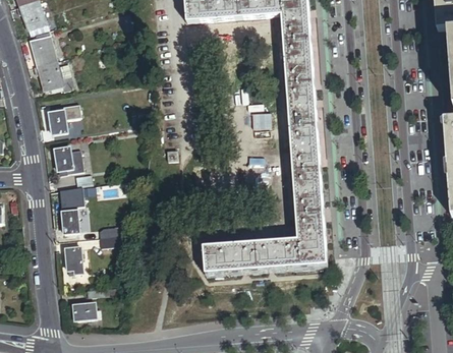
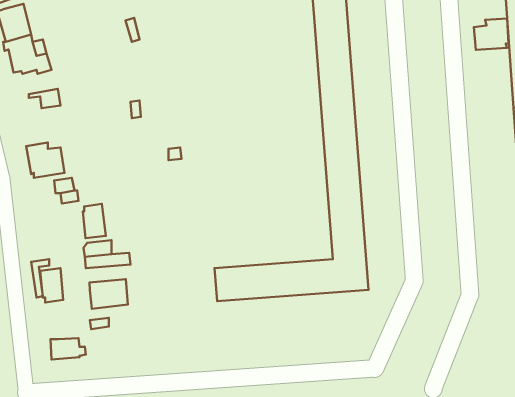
building: none -> [474,19,509,50]
building: [47,107,66,133] -> none
building: [60,205,78,233] -> [83,204,106,238]
building: none -> [89,279,128,309]

